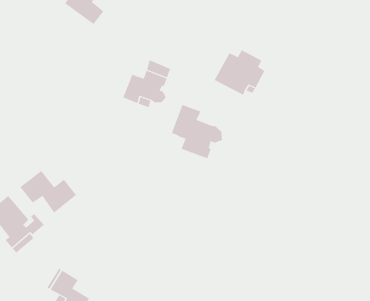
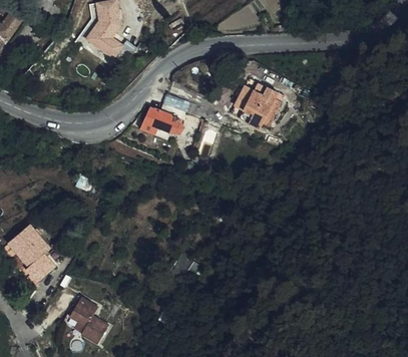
building: [171,104,222,159] -> none
building: [20,170,77,214] -> none

